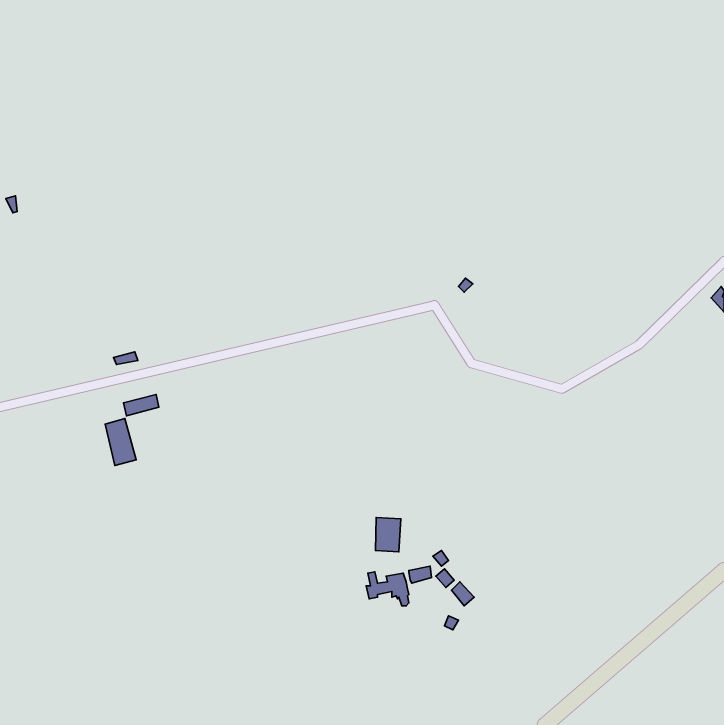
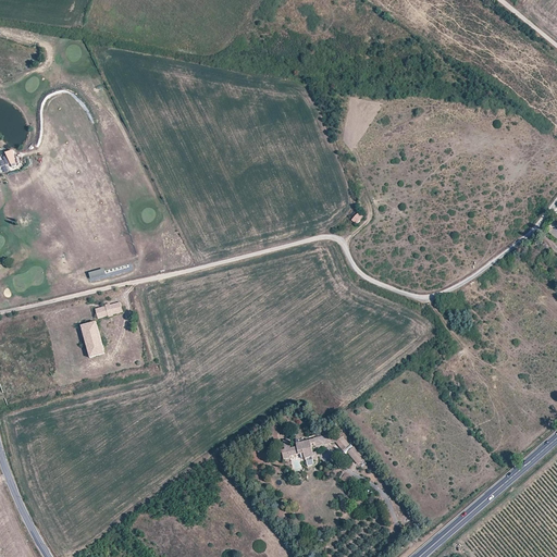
building: [376,518,401,552] -> none

